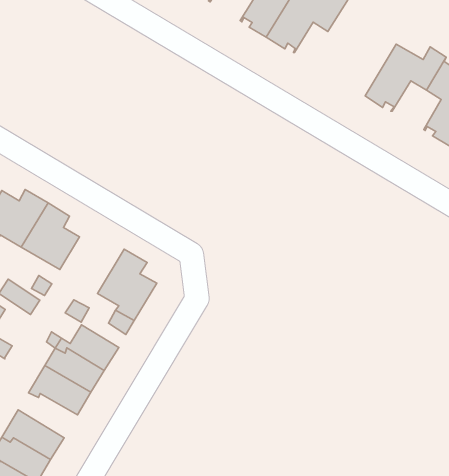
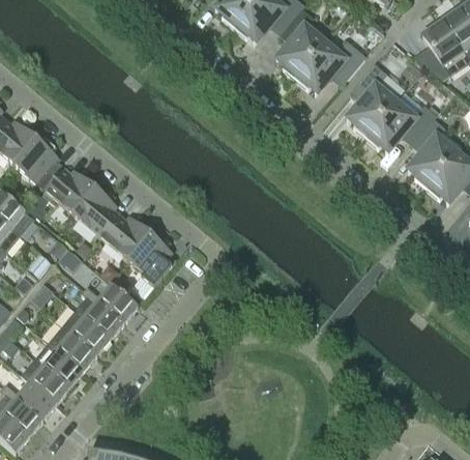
building: none -> [346,64,396,137]
building: none -> [100,213,154,261]
building: none -> [50,332,96,372]

